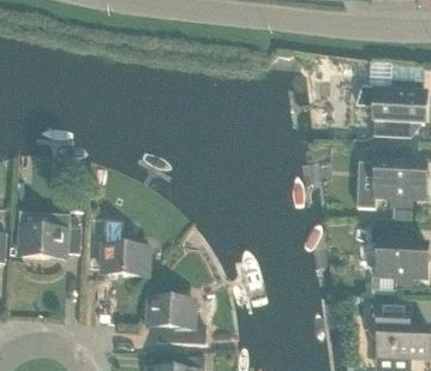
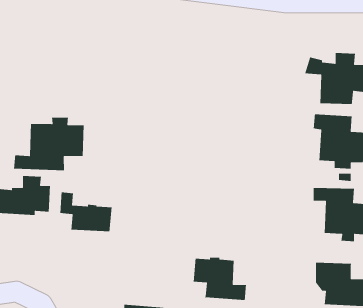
building: none -> [13,117,84,171]
building: [148,298,206,346] -> [193,257,247,301]

